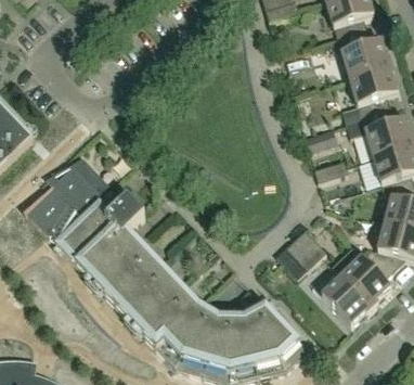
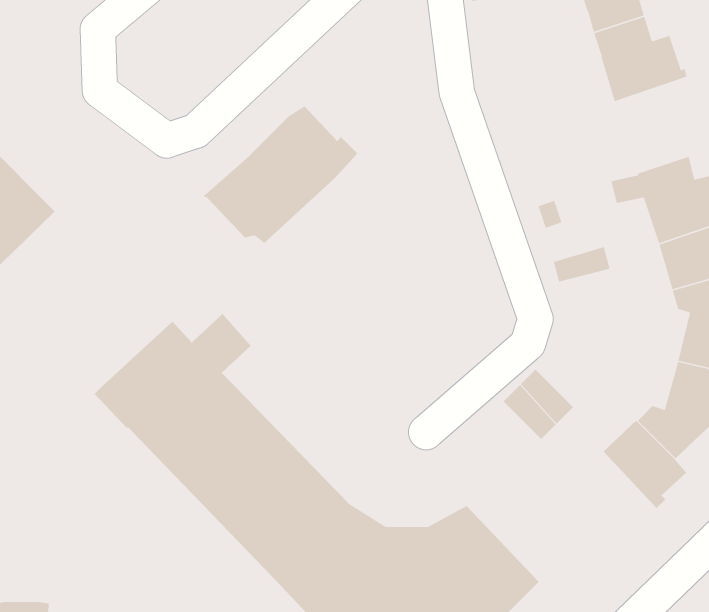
building: [349,63,397,117] -> none
building: [25,159,113,238] -> [203,106,358,244]
building: [322,274,373,324] -> none

